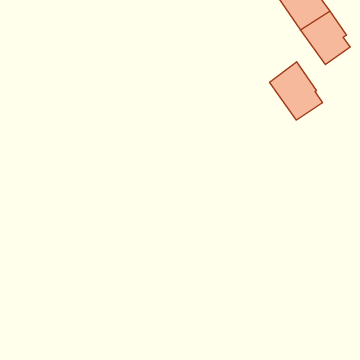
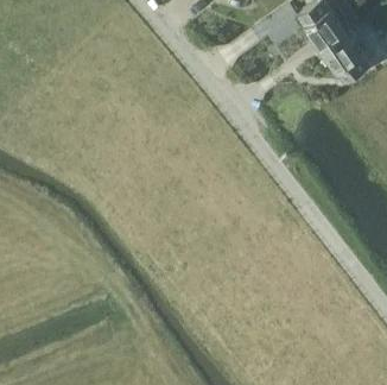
building: [270,62,322,120] -> none

